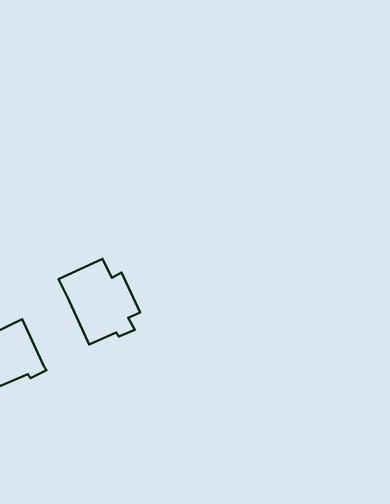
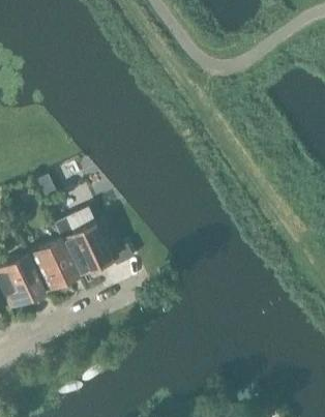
building: none -> [26,240,80,293]

